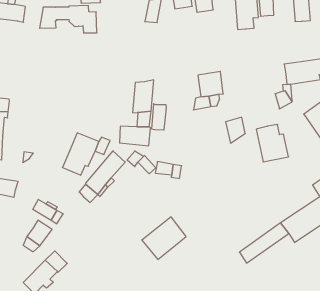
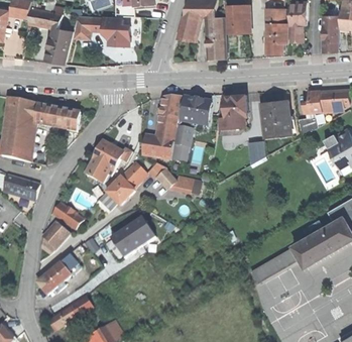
building: none -> [207,27,226,59]
building: none -> [45,27,72,63]
building: none -> [181,97,210,124]
building: none -> [35,105,80,128]
building: [256,124,289,162] -> [261,100,290,135]
building: [142,217,186,259] -> [112,215,155,255]

